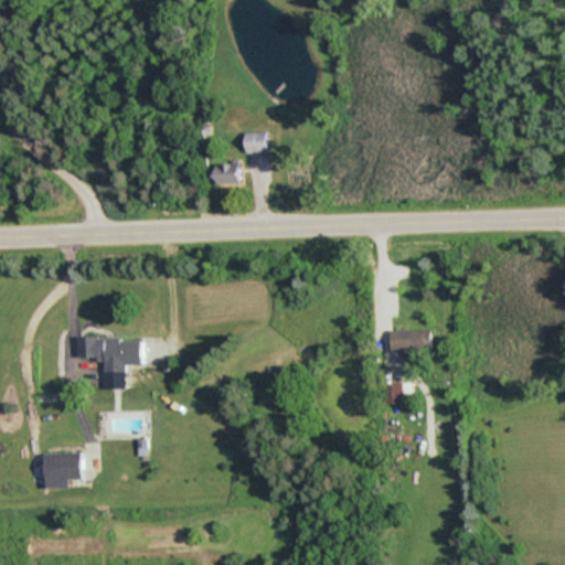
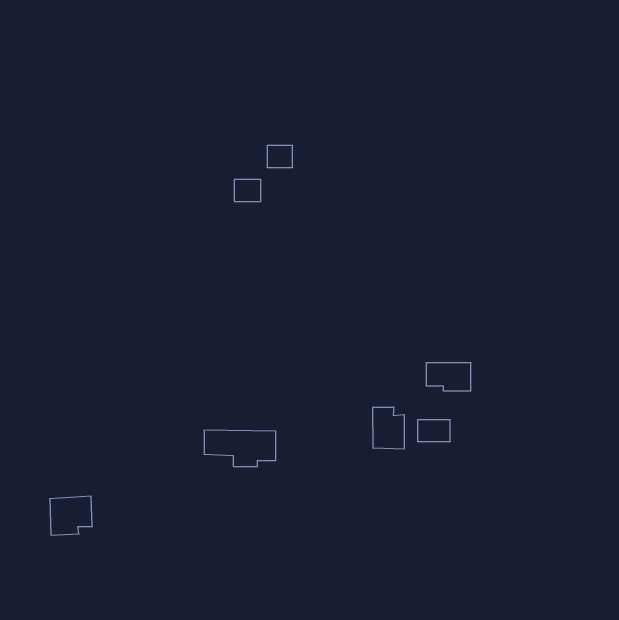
building: [76,337,141,370] -> [204,430,276,466]
building: none -> [373,407,404,449]

